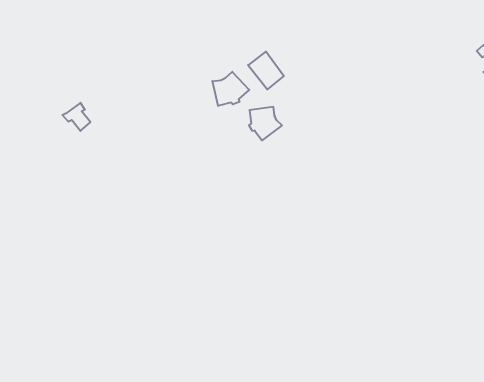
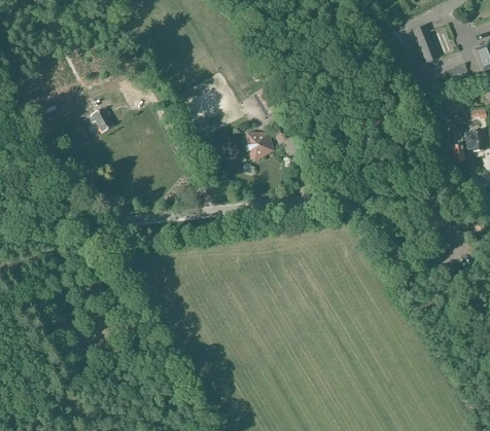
building: [212,72,249,106] -> none

